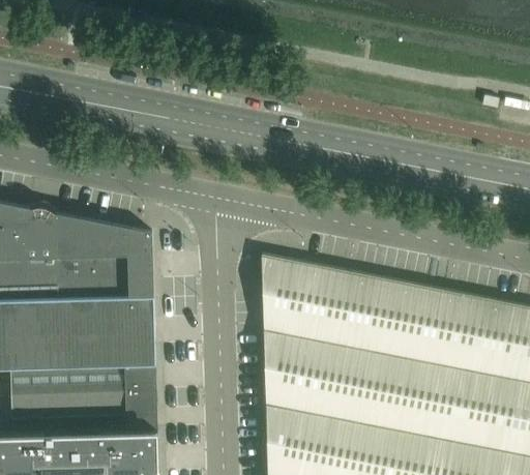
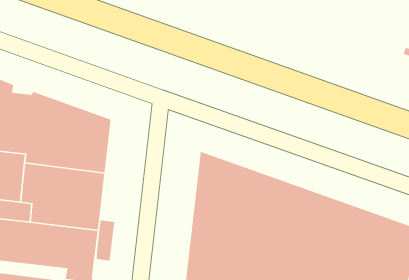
building: none -> [96,220,115,261]

